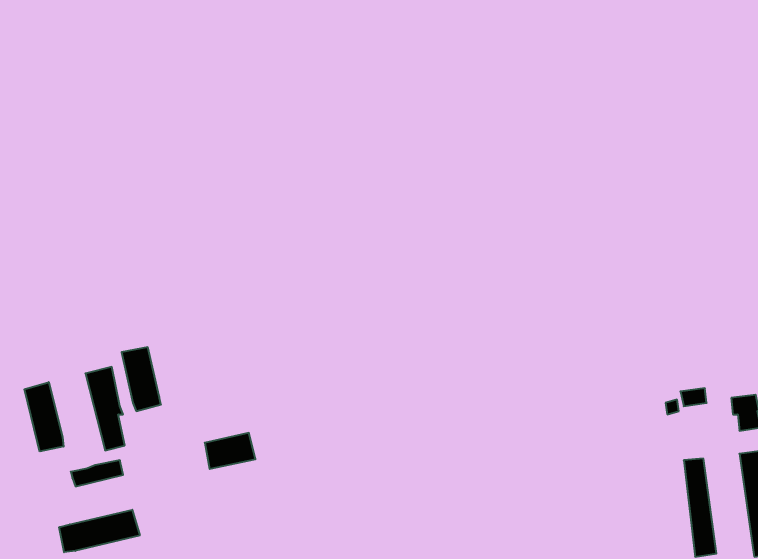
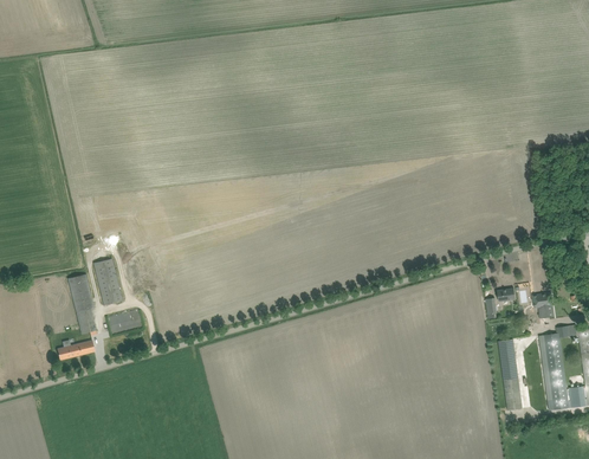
building: [24,382,64,451] -> none
building: [205,433,256,469] -> [108,309,144,335]
building: [59,510,140,552] -> none

